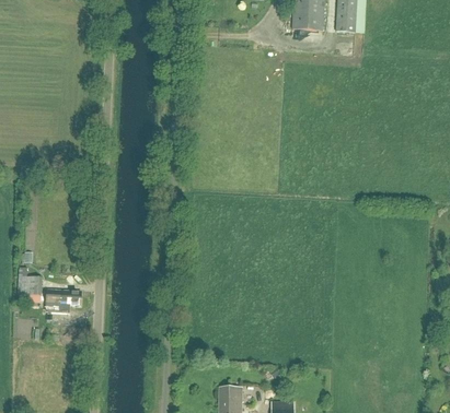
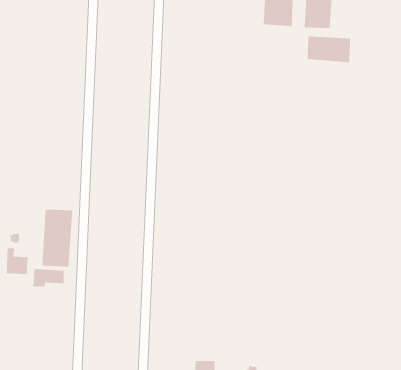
building: none -> [307,36,351,63]
building: none -> [42,209,73,267]

